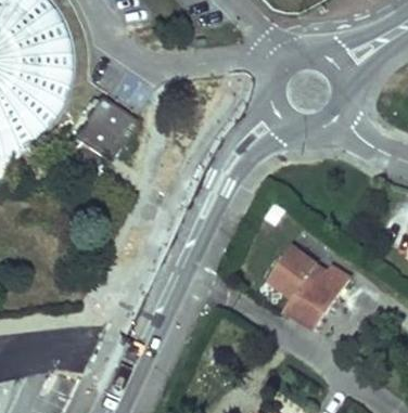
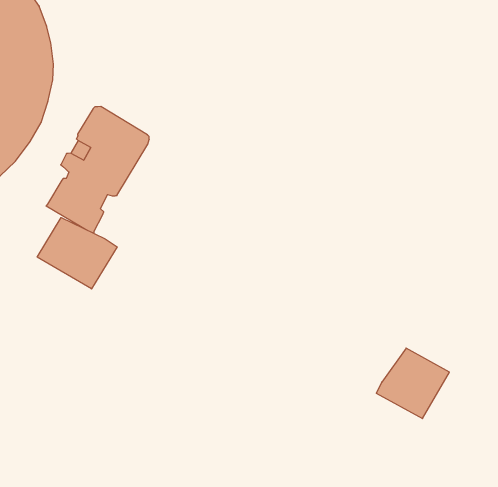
building: none -> [37,218,117,289]
building: [268,247,317,302] -> none

